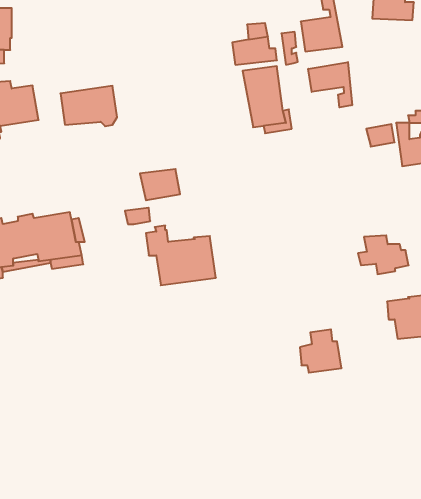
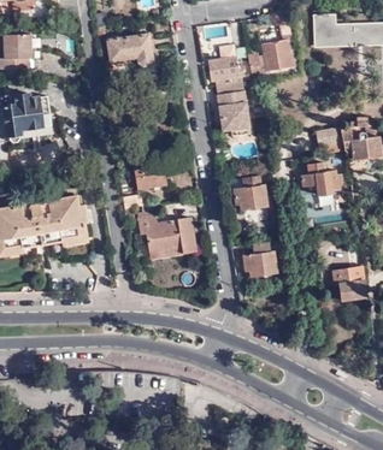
building: [308,62,352,107] -> none
building: [60,86,117,126] -> [106,32,152,65]
building: none -> [232,176,267,209]
building: [358,235,409,274] -> [302,162,343,194]
building: [300,329,342,373] -> [243,241,277,276]

